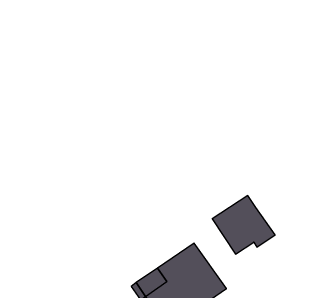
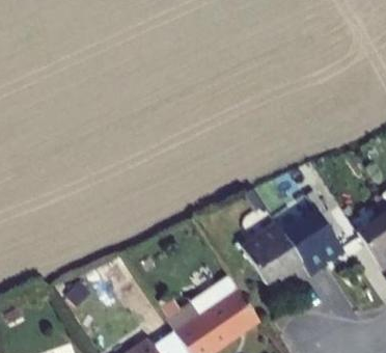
building: none -> [286,209,347,273]

